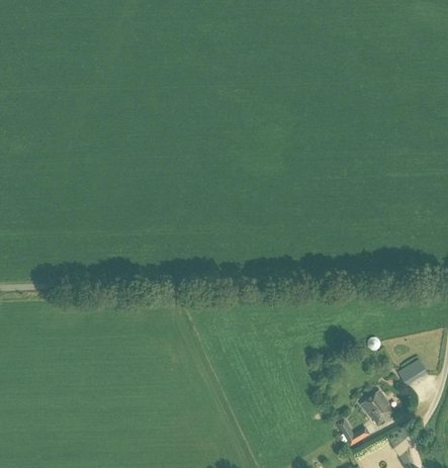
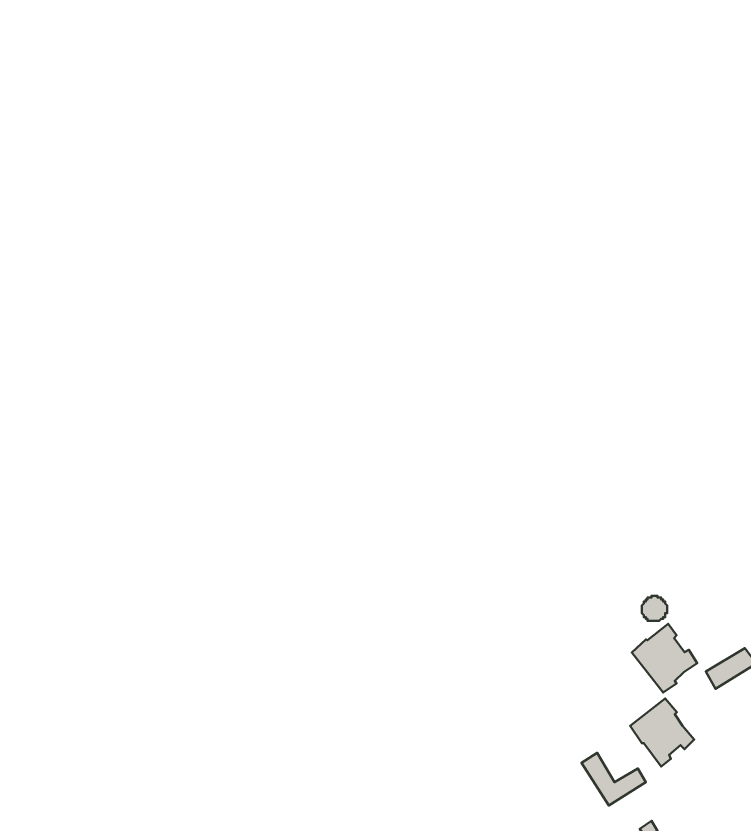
building: none -> [632,624,697,693]

